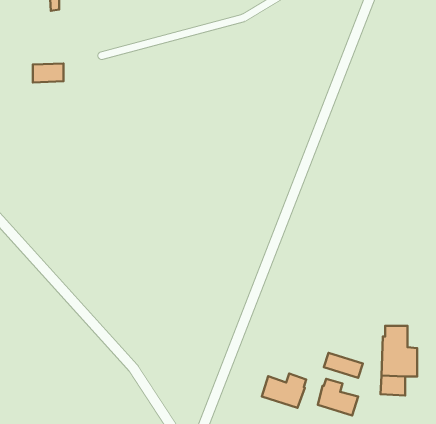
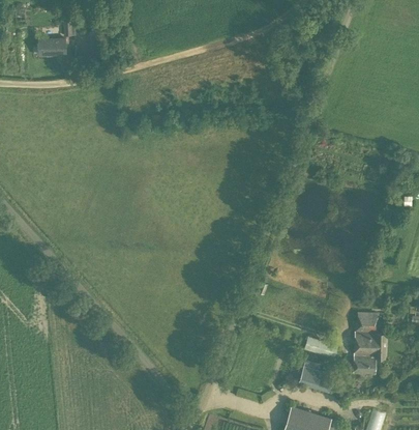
building: [33,63,63,82] -> [38,39,65,56]
building: [262,374,306,408] -> none

